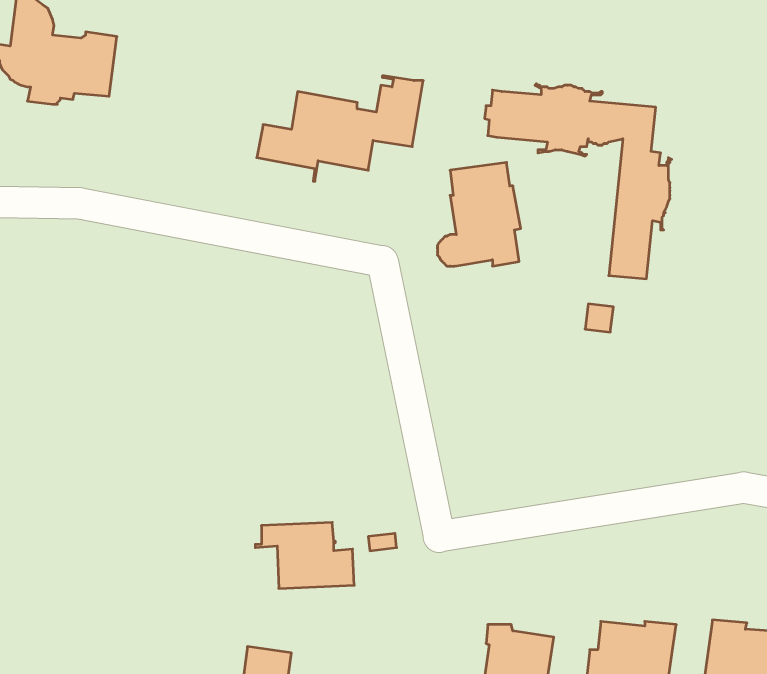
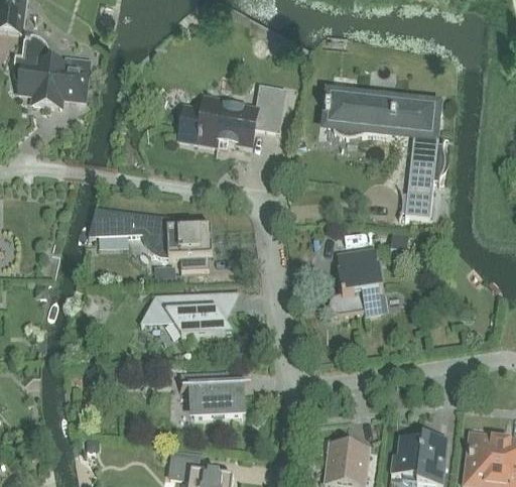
building: [437,162,521,266] -> [330,248,383,315]
building: none -> [89,209,213,268]
building: none -> [141,292,233,336]

